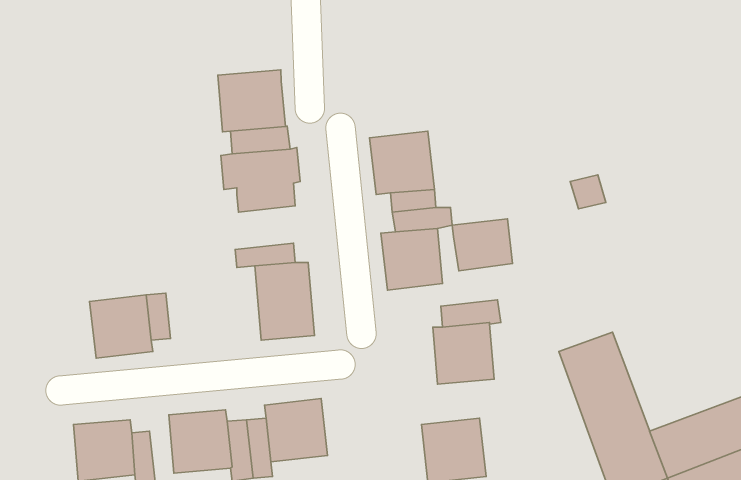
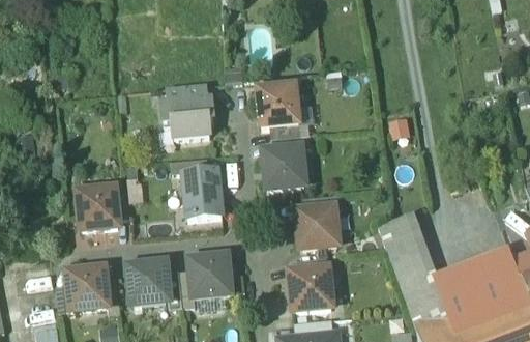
building: [218,70,285,132] -> none
building: [452,219,512,271] -> none

